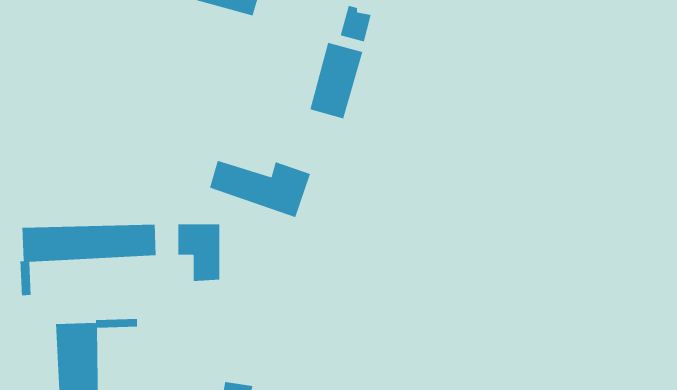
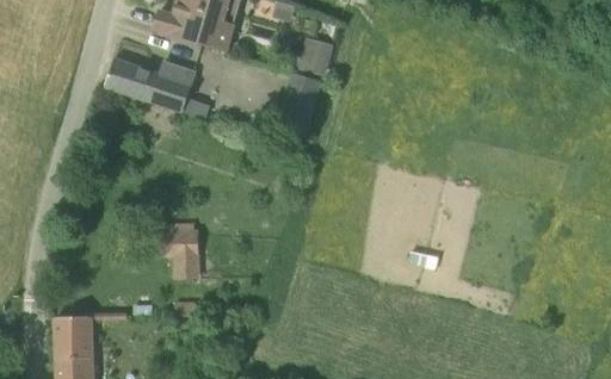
building: [209,160,311,218] -> [106,60,195,110]
building: [20,224,156,296] -> none

